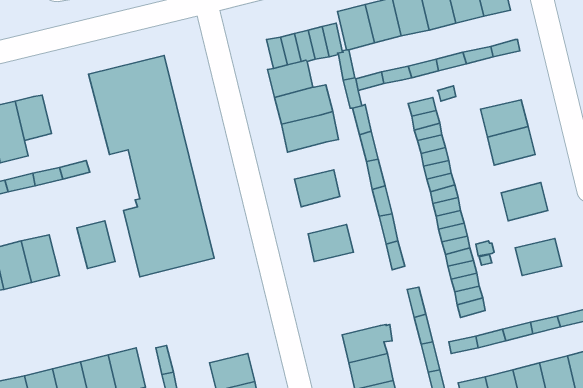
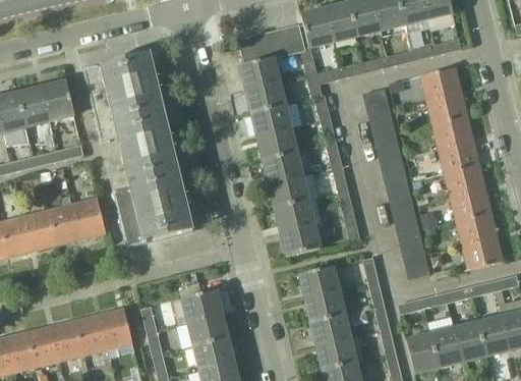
building: none -> [420,66,461,99]
building: none -> [42,80,74,120]
building: none -> [256,127,297,160]
building: none -> [438,139,478,172]
building: none -> [269,175,308,208]
building: none -> [450,187,490,220]
building: none -> [48,203,81,244]
building: none -> [280,224,321,256]
building: none -> [462,236,503,269]
building: none -> [298,265,343,296]
building: none -> [182,289,222,321]

